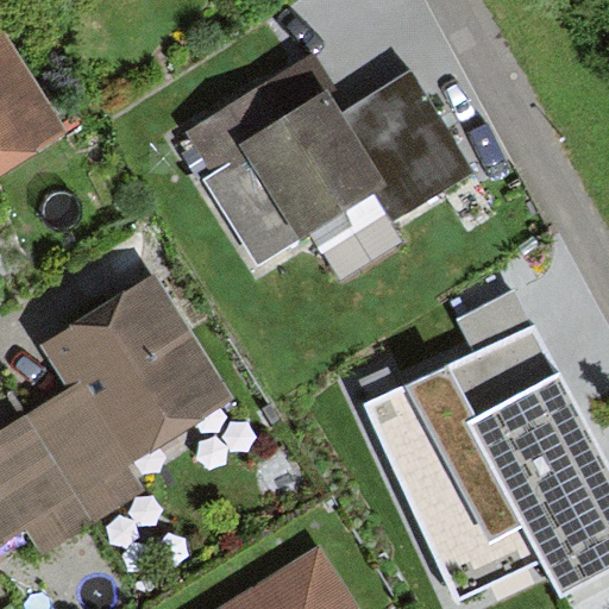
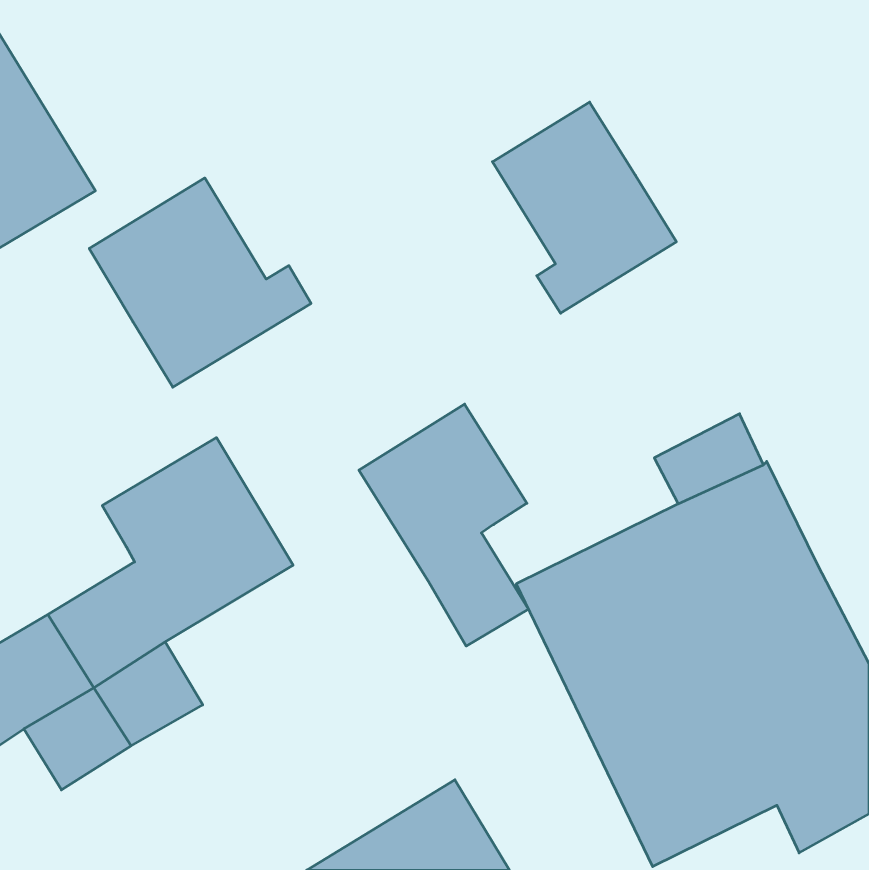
building: [184,52,388,265] -> none
building: none -> [89,178,311,387]
building: none -> [359,404,528,646]

